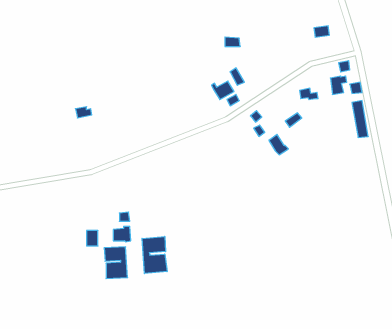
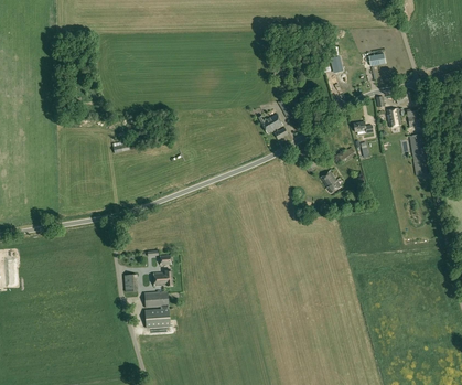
building: [142,236,167,274] -> none

